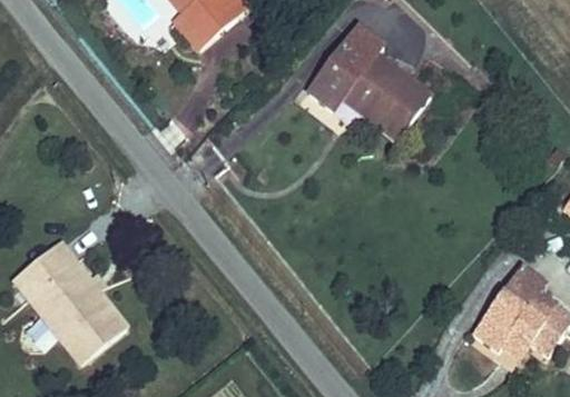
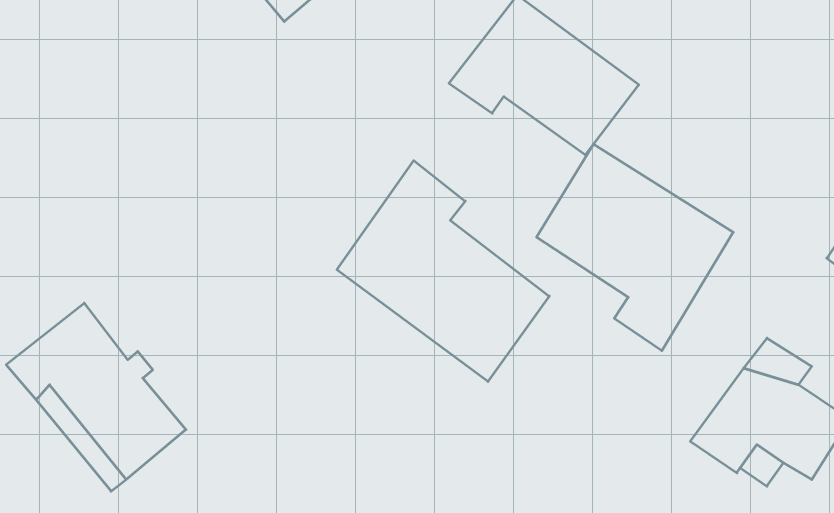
building: none -> [537,144,733,351]
building: none -> [337,161,549,382]

